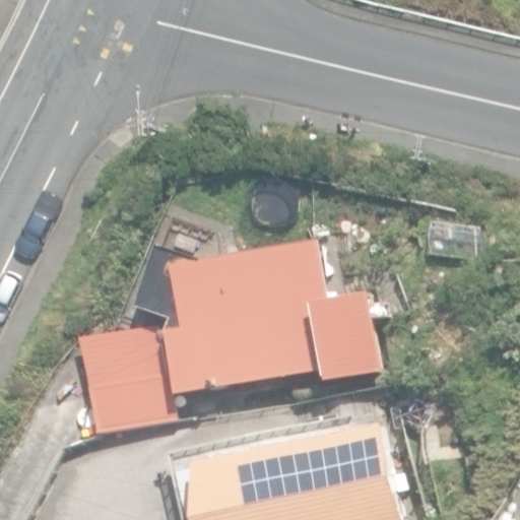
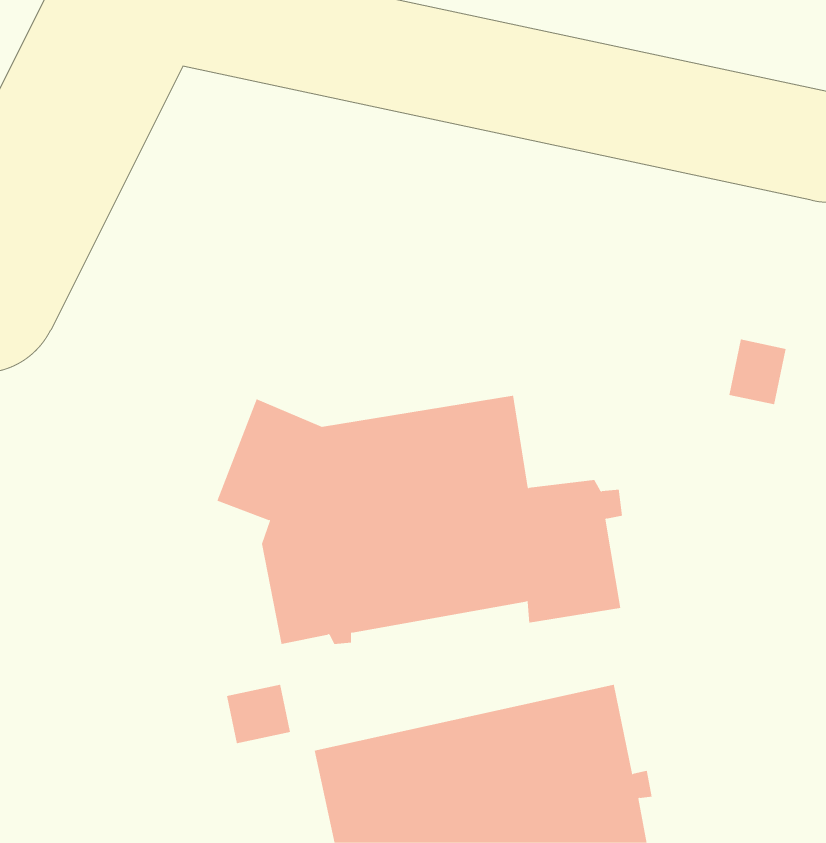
building: [74,325,168,433] -> none

